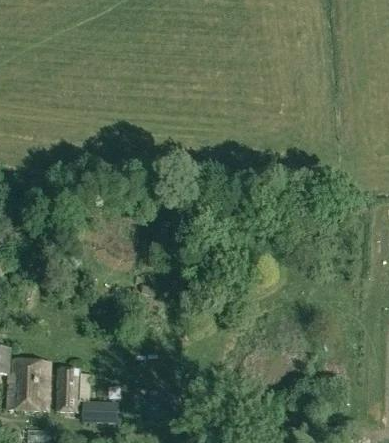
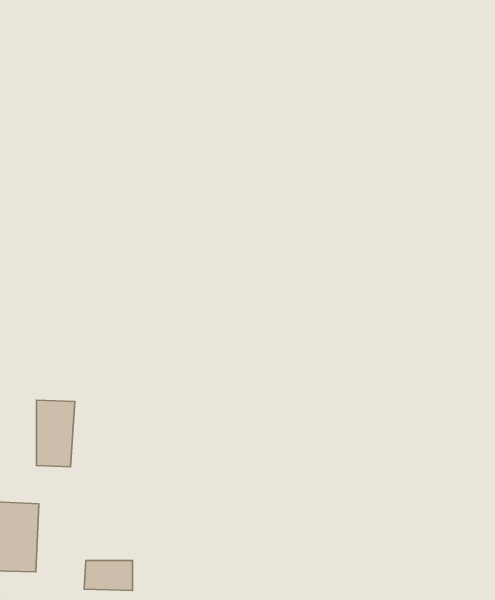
building: [53,366,80,413] -> [37,400,75,467]

